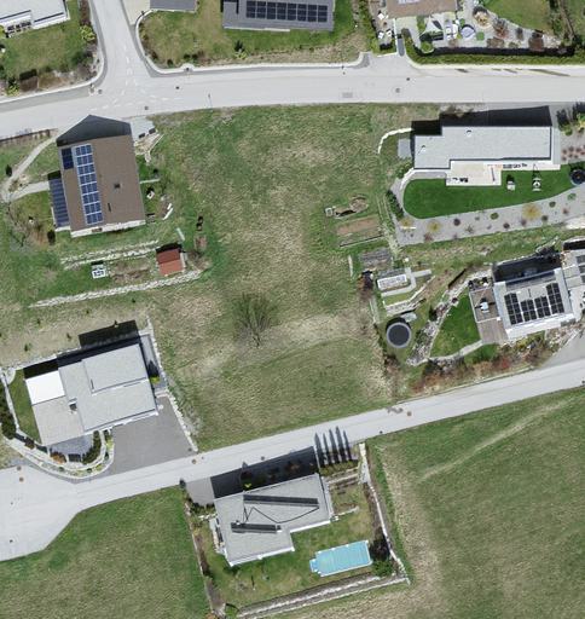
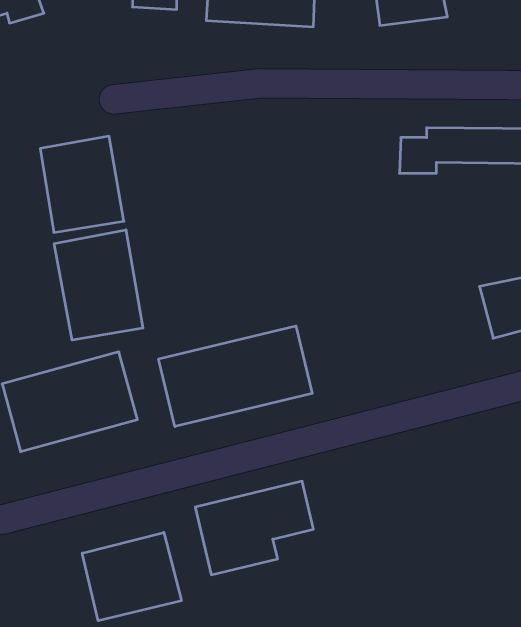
building: none -> [54,230,143,340]
building: none -> [159,326,312,427]
building: none -> [82,532,181,621]

